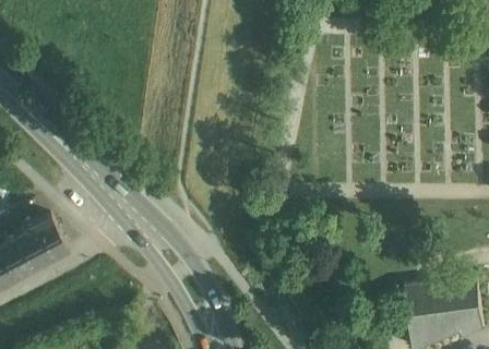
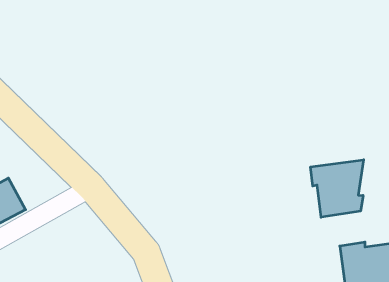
building: none -> [311,160,364,217]

